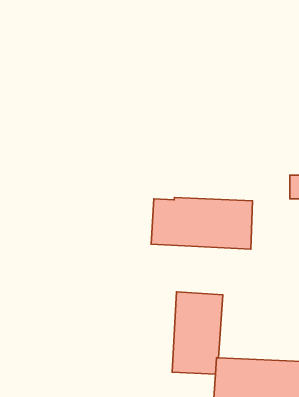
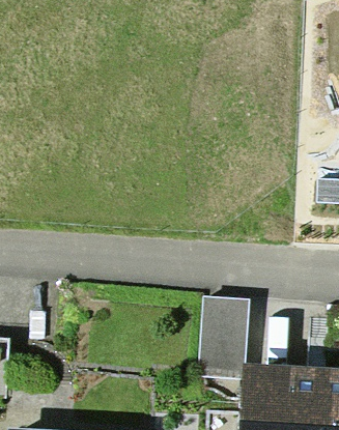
building: [151,198,253,249] -> none

